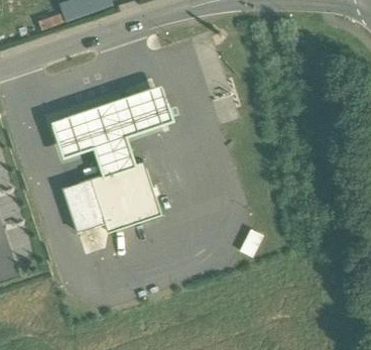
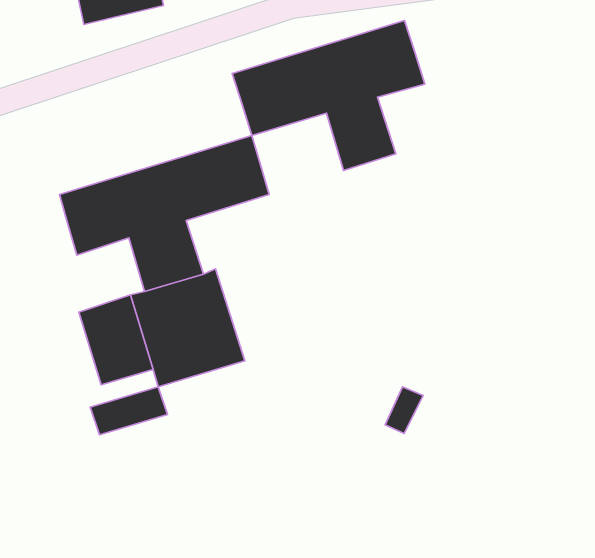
building: none -> [232,21,425,171]
building: none -> [90,387,168,435]

